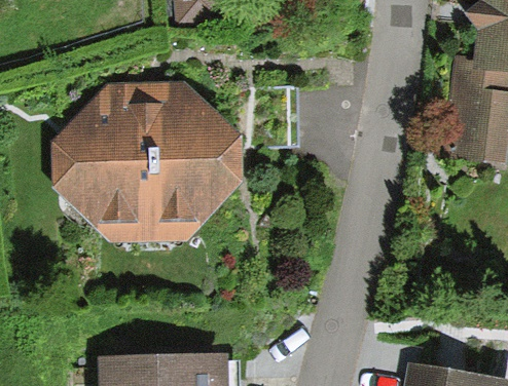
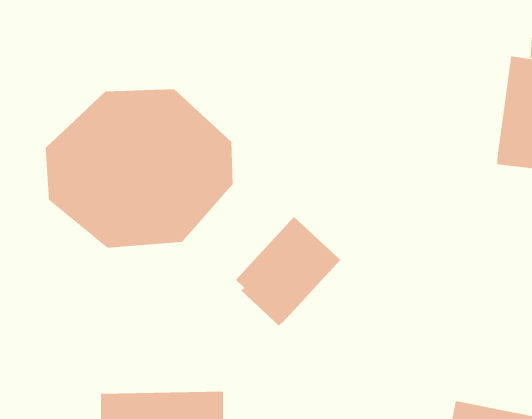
building: none -> [235,216,341,327]

